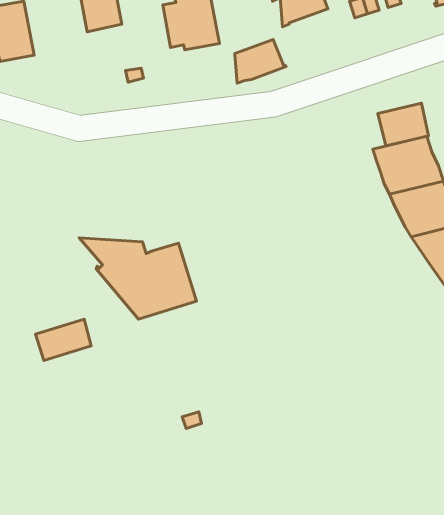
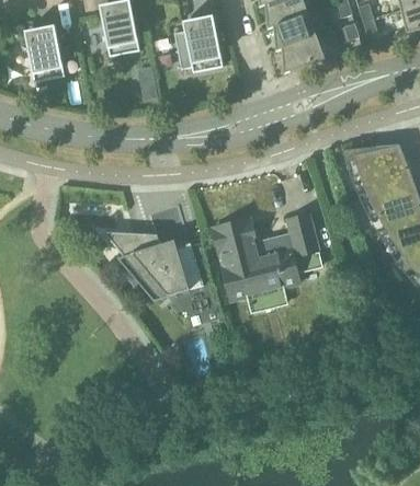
building: [235,39,286,83] -> [281,34,325,71]
building: [378,103,428,146] -> none
building: none -> [211,211,320,308]
building: [36,319,91,360] -> none

